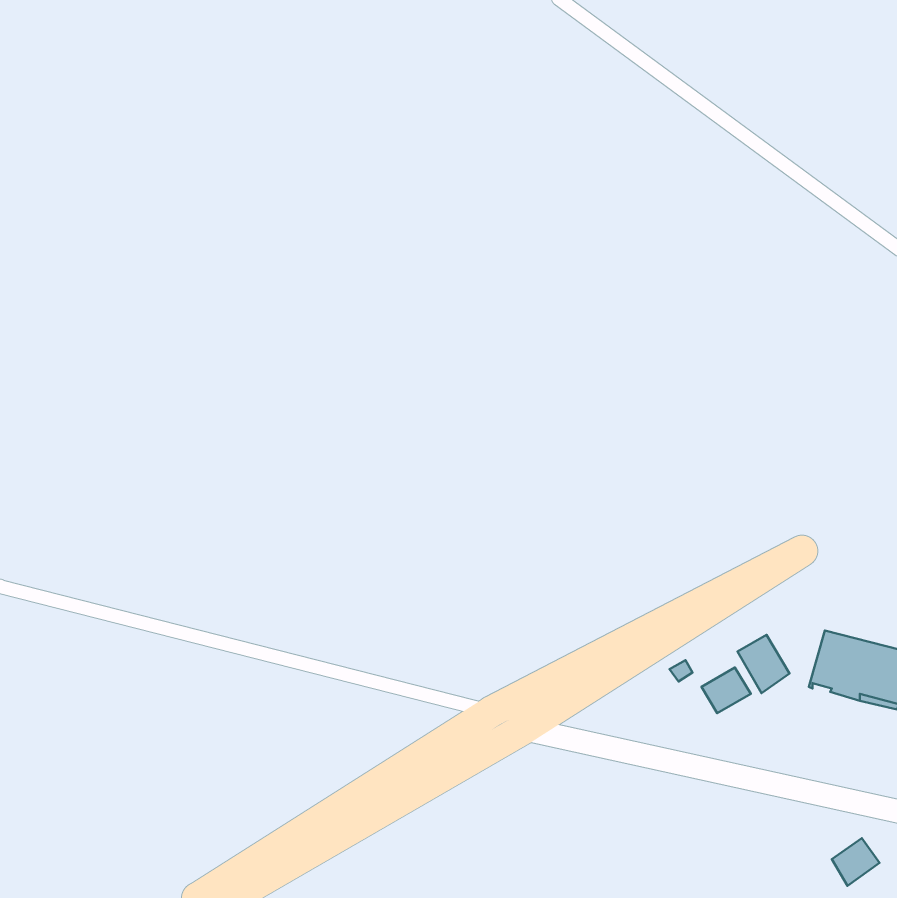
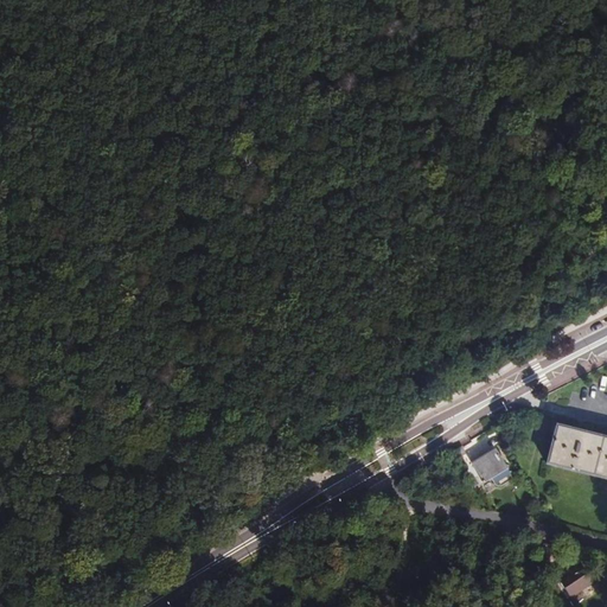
building: [738,635,789,693] -> none

